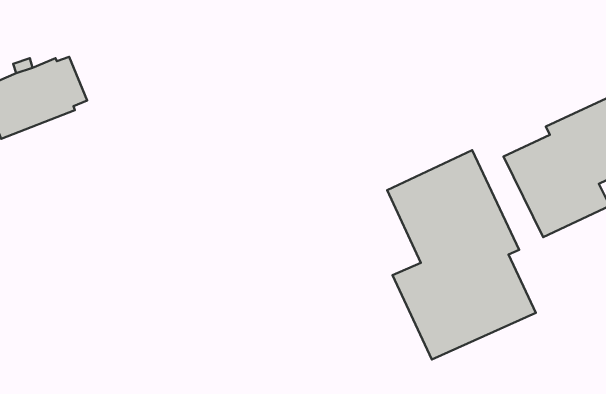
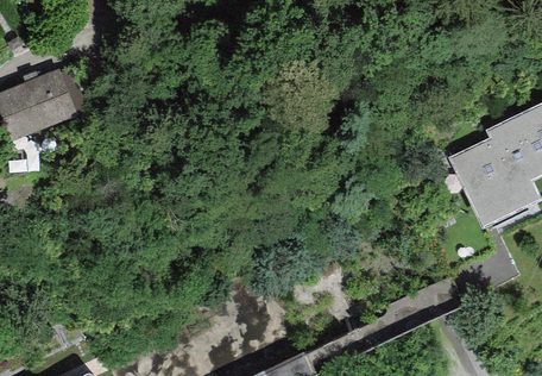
building: [387,150,536,360] -> none

